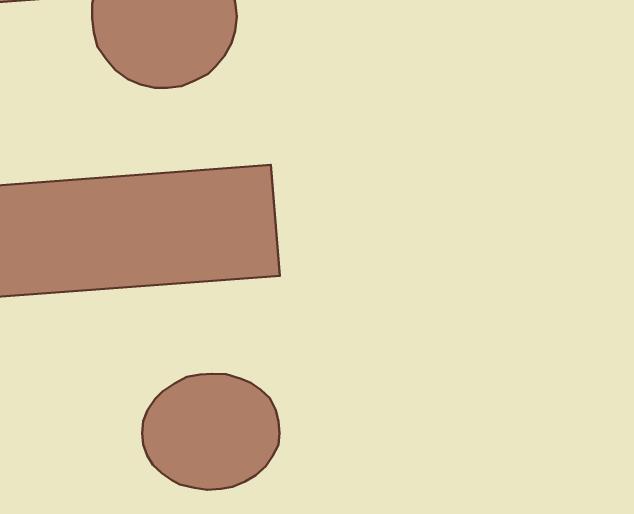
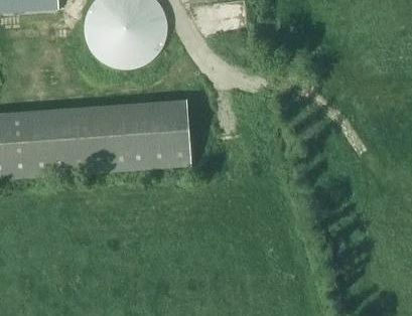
building: [142,374,279,490] -> none

